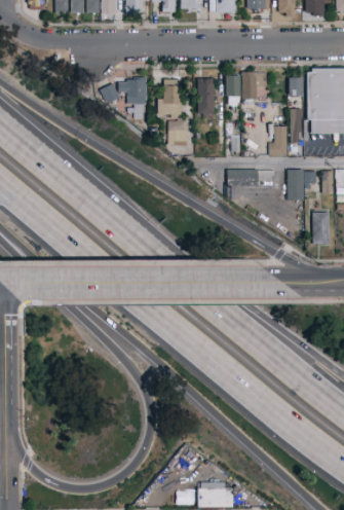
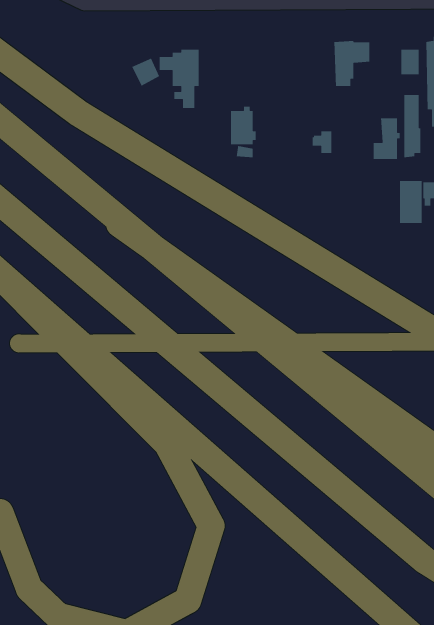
building: [224,75,240,106] -> none
building: [198,78,215,116] -> none
building: [157,79,181,118] -> none
building: [227,170,257,186] -> none

